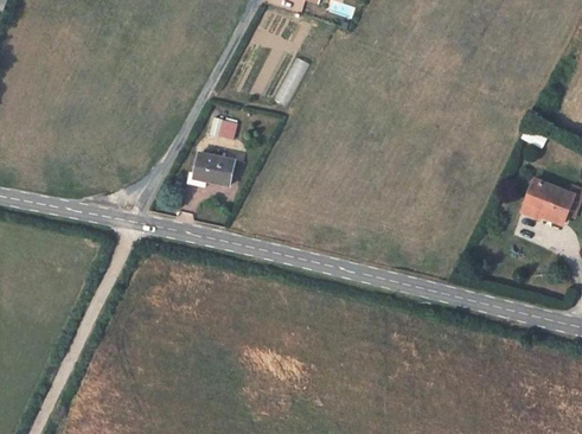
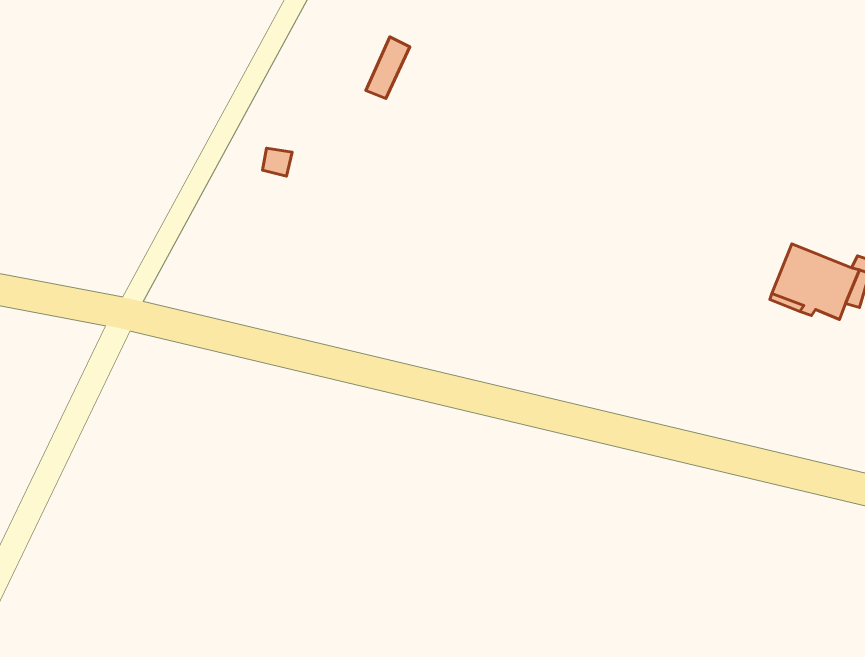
building: [192,152,234,186] -> none

